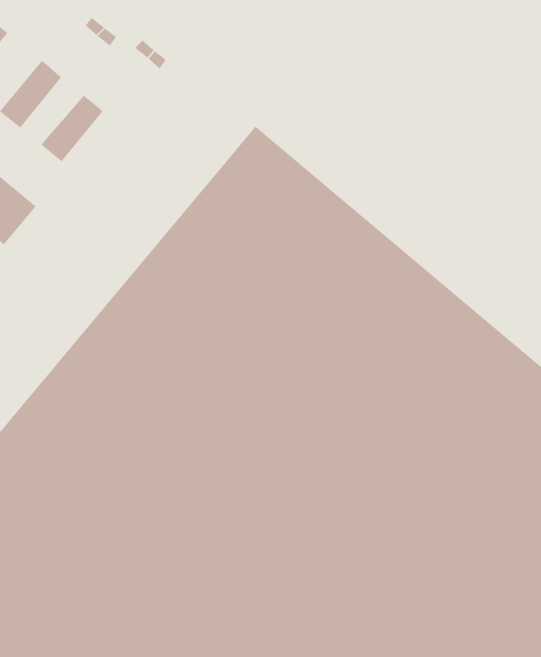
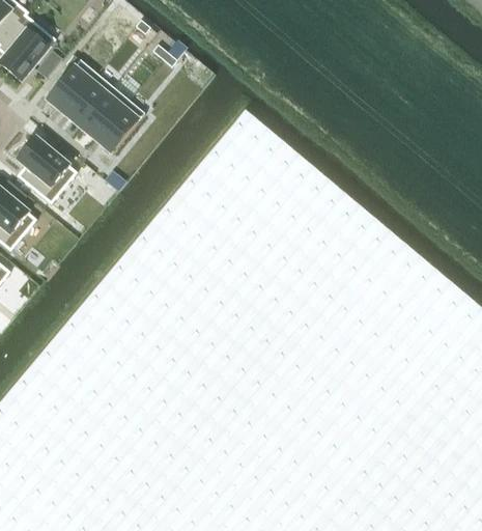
building: none -> [64,74,113,125]
building: none -> [96,100,145,152]

